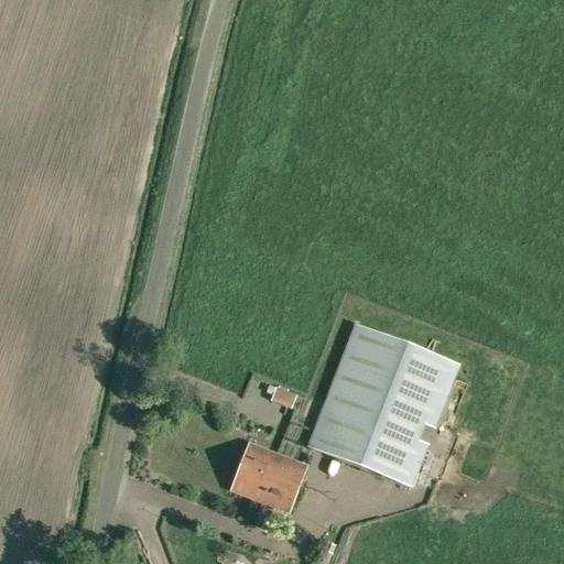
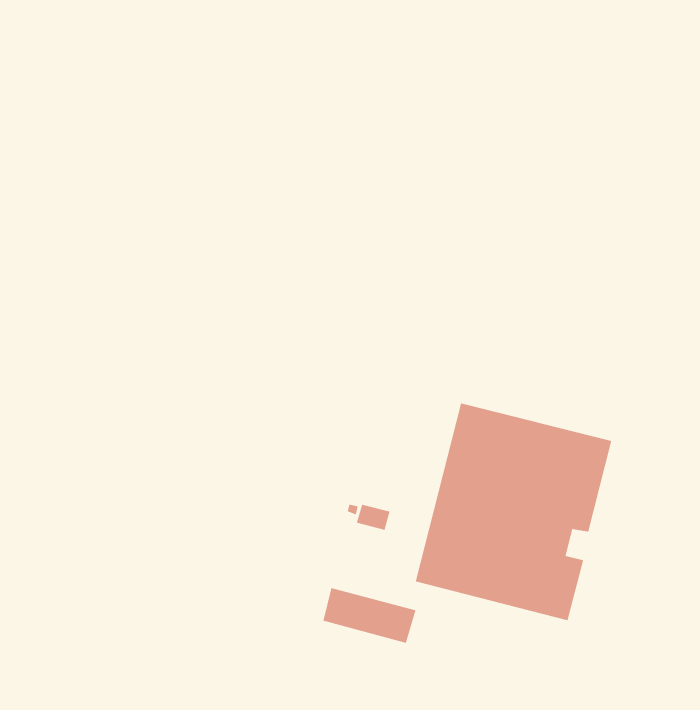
building: [231,465,297,510] -> none

